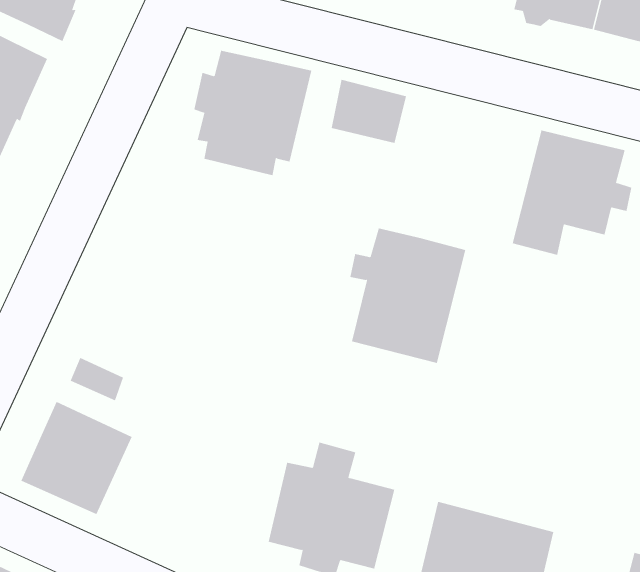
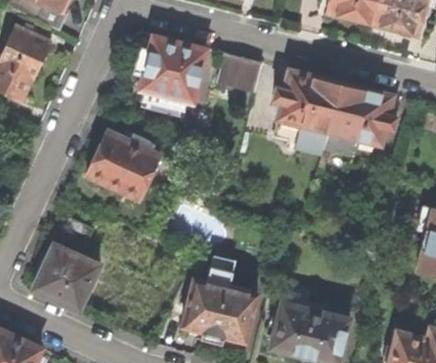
building: none -> [89,131,160,197]
building: [349,228,466,364] -> [273,70,342,150]

